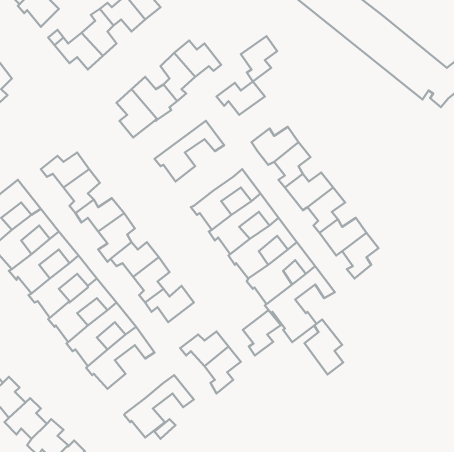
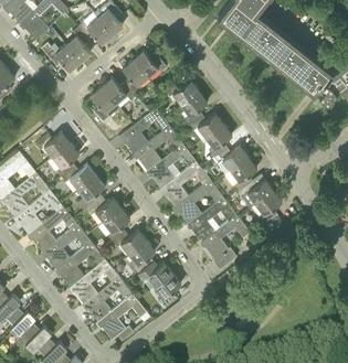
building: [241,36,277,81] -> [181,90,208,124]
building: none -> [133,126,183,170]
building: [243,310,281,356] -> [129,241,157,274]
building: [305,319,343,375] -> none
building: none -> [83,277,134,321]

